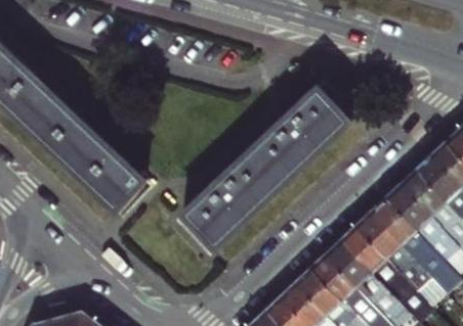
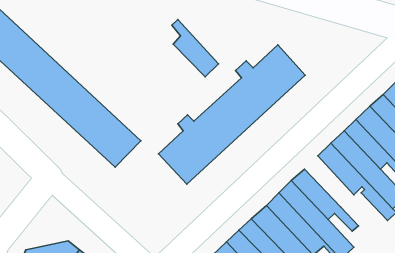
building: none -> [172,20,219,77]
building: [354,213,431,285] -> none

